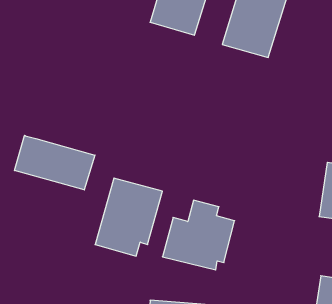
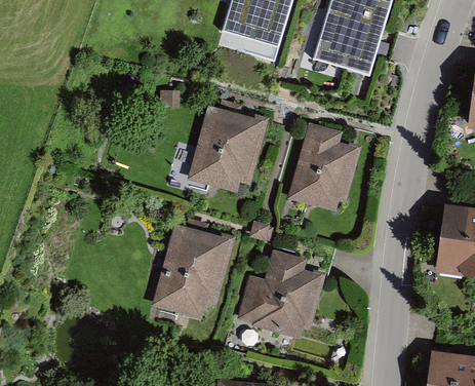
building: none -> [191,106,268,192]
building: none -> [288,123,362,211]
building: [15,135,95,190] -> none

